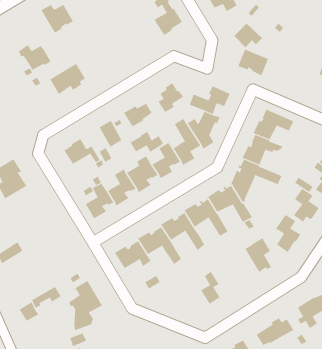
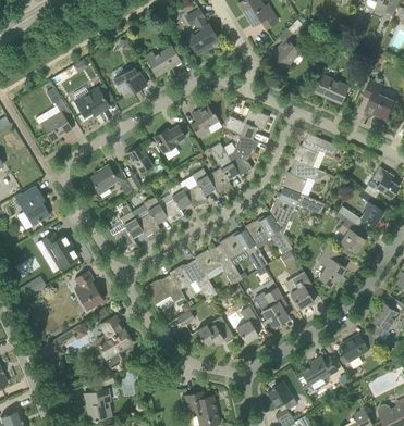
building: [40,4,74,33] -> [110,66,146,98]
building: none -> [145,46,181,74]
building: [18,44,51,71] -> [36,111,72,139]
building: [238,49,269,76] -> [314,74,347,103]
building: [130,131,164,153] -> none
building: none -> [36,233,78,268]
building: none -> [75,271,102,310]
building: none -> [255,287,287,326]
building: none -> [197,315,234,347]

